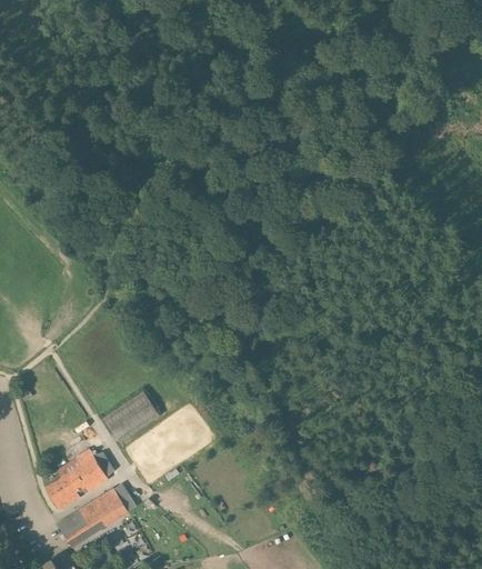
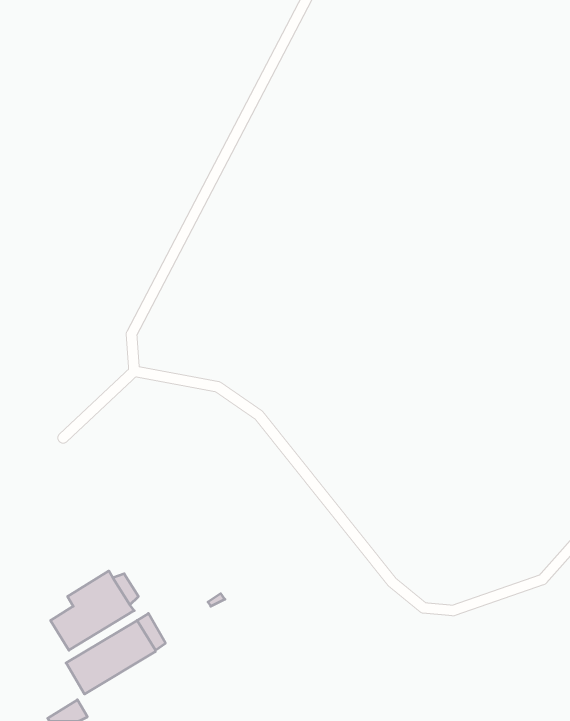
building: [102,392,159,442] -> none

